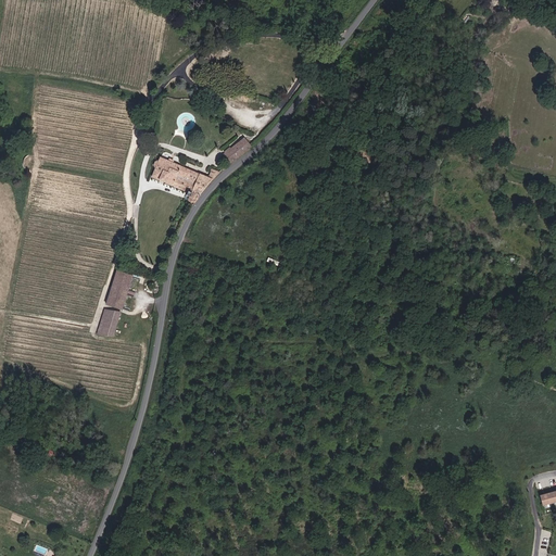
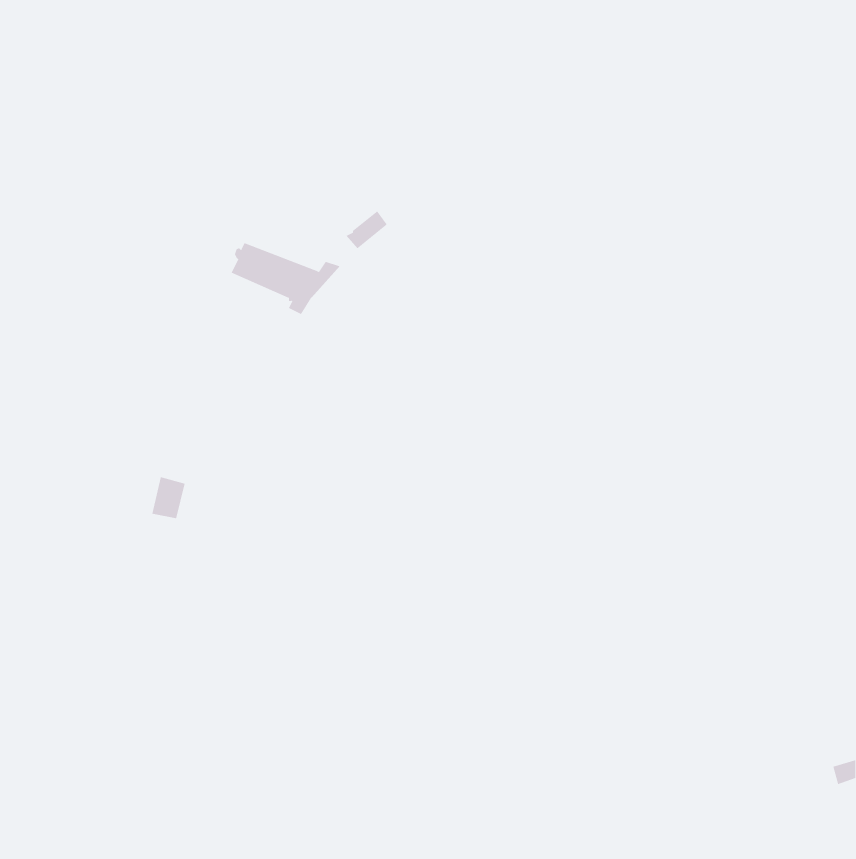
building: [108,271,131,306] -> none

